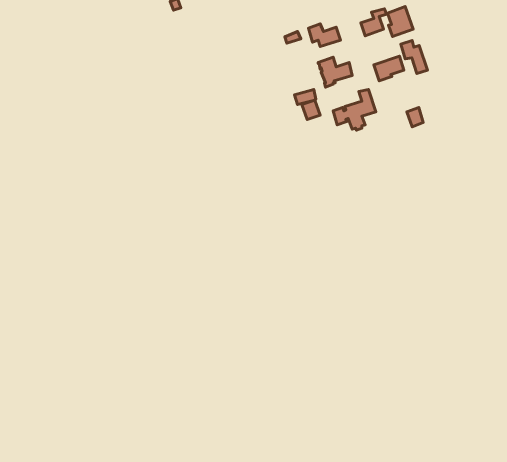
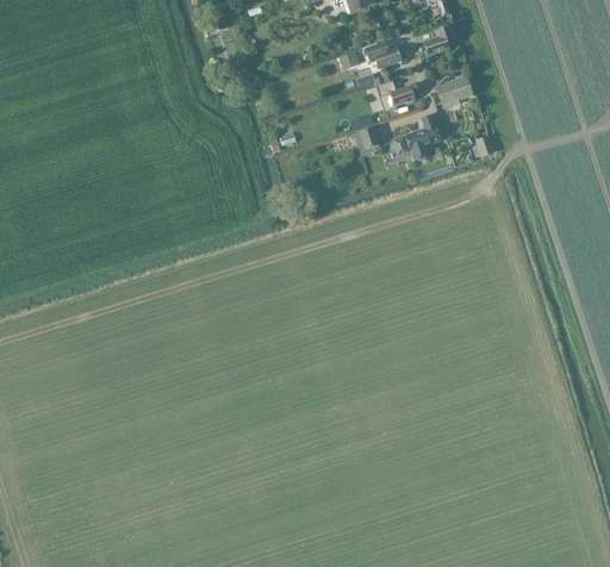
building: [388,7,413,36] -> none
building: [401,40,428,74] -> none

